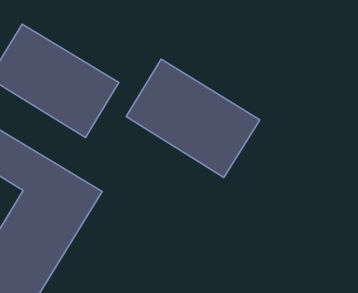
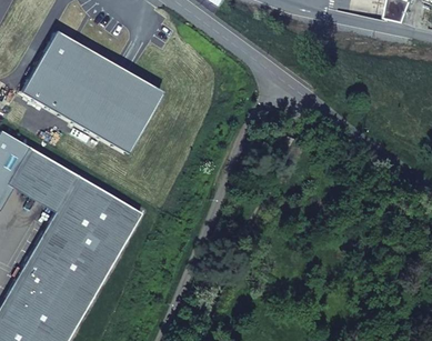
building: [126,59,260,177] -> none

